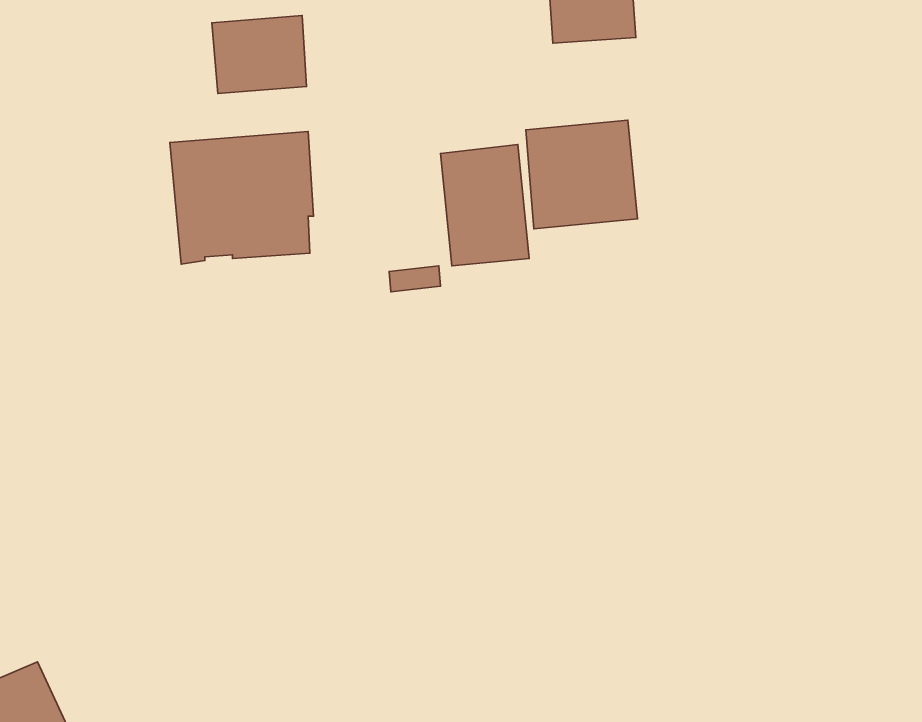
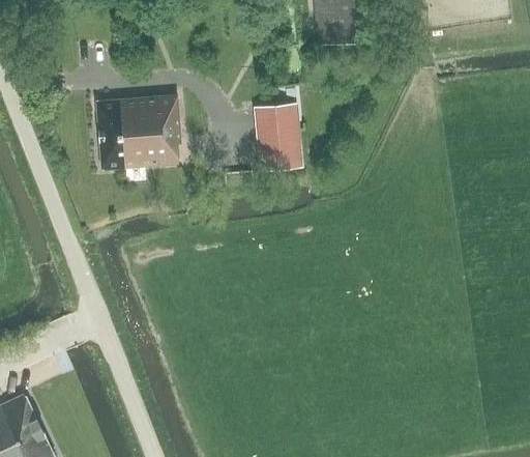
building: [212,16,307,94] -> none
building: [526,120,638,229] -> none

